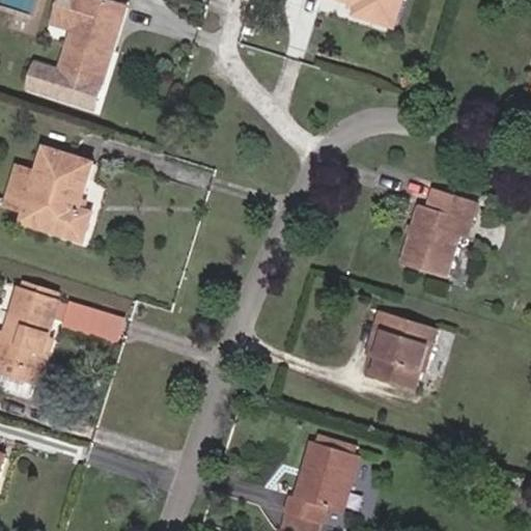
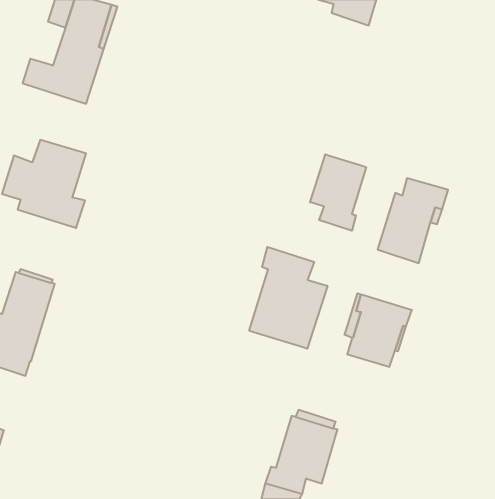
building: none -> [310,154,366,231]
building: none -> [249,247,327,349]
building: [61,297,128,341] -> none

